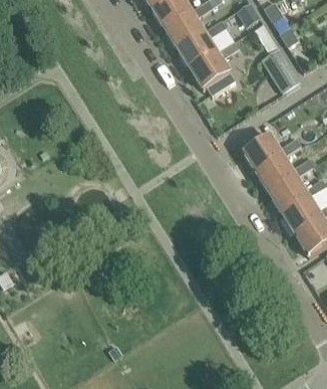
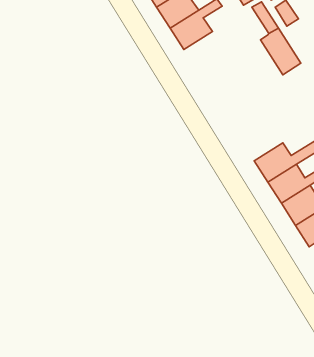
building: [191,40,240,95] -> none
building: [244,136,302,174] -> none

